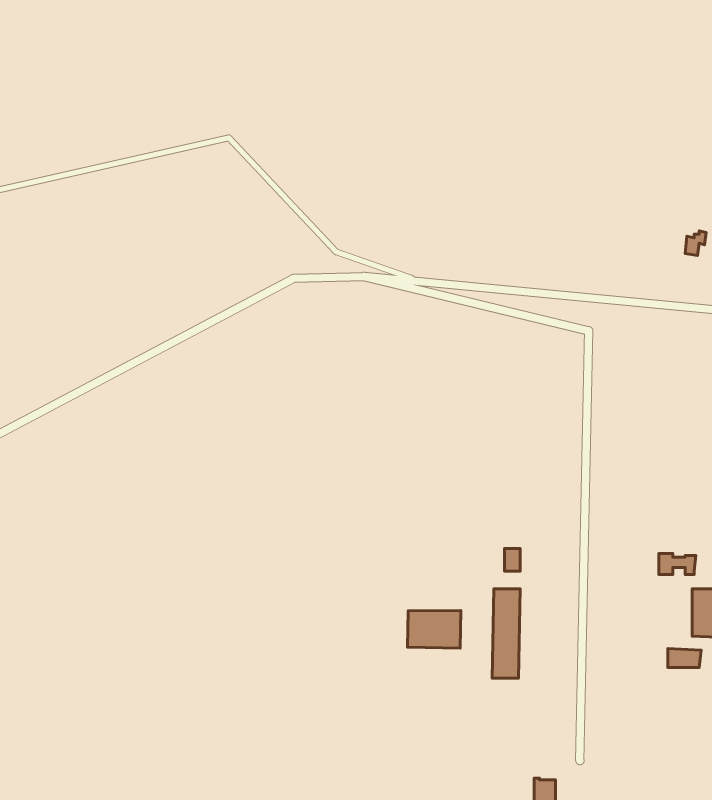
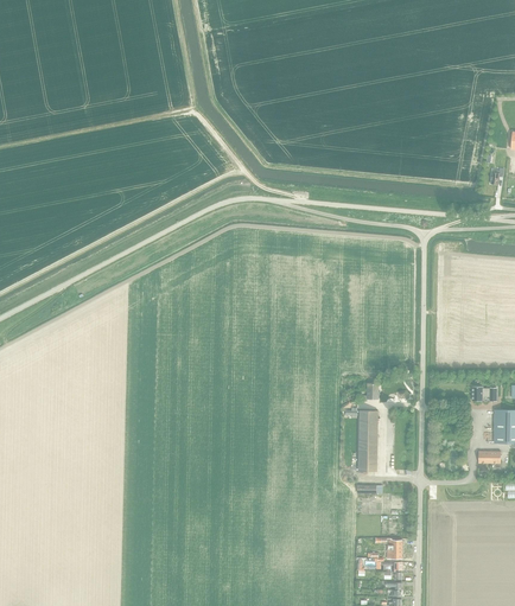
building: [408,611,461,648] -> none

